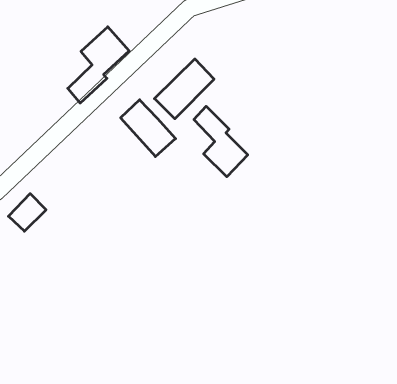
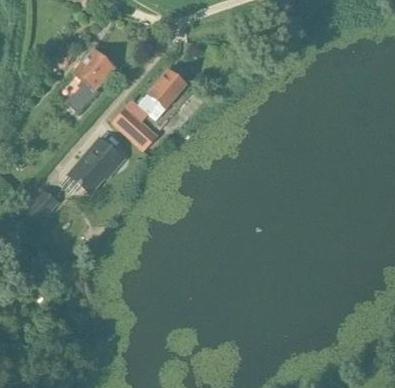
building: [194,106,248,177] -> none
building: none -> [68,139,121,194]

